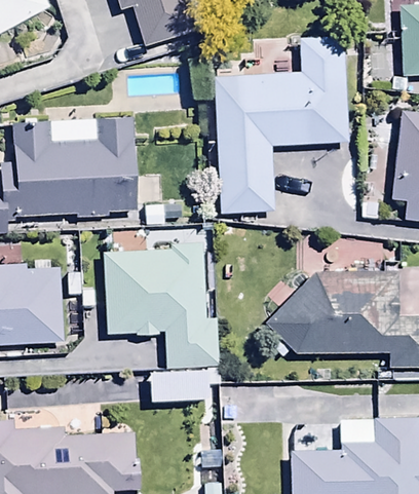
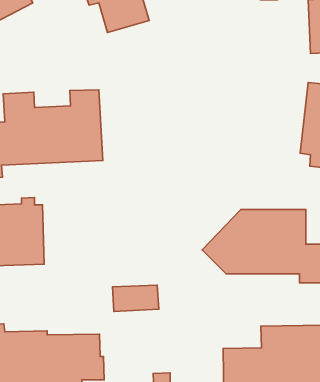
building: [215,37,347,213] -> none
building: [104,243,219,367] -> none

